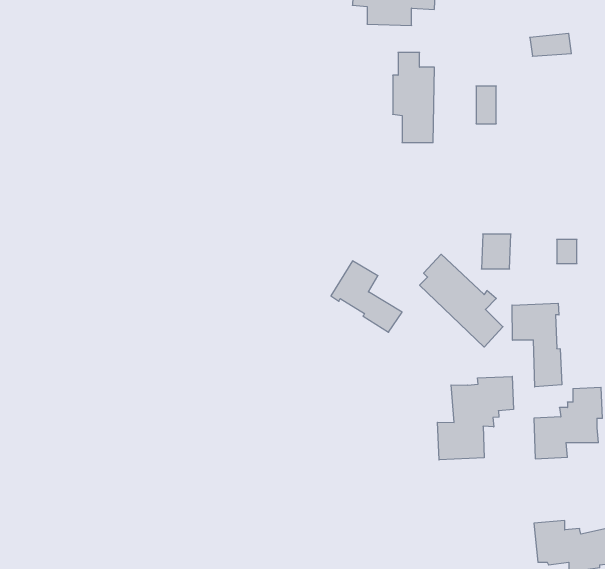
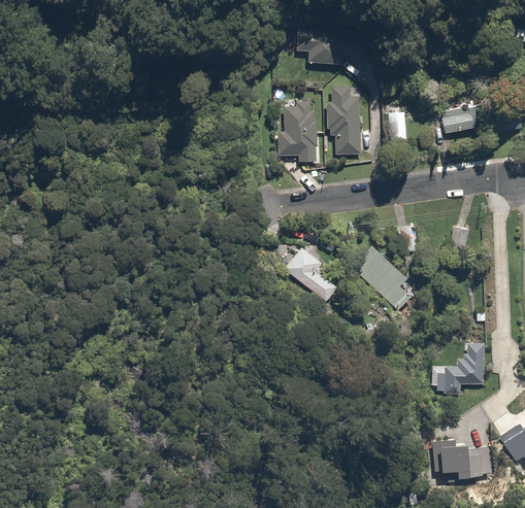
building: [530,33,571,56] -> [439,113,471,131]
building: none -> [277,99,318,159]
building: [512,303,562,387] -> none
building: [437,376,513,460] -> none

